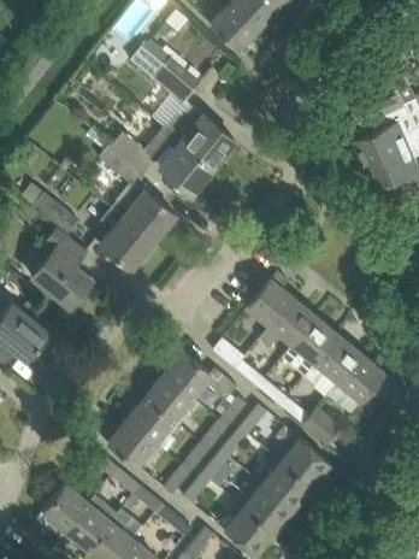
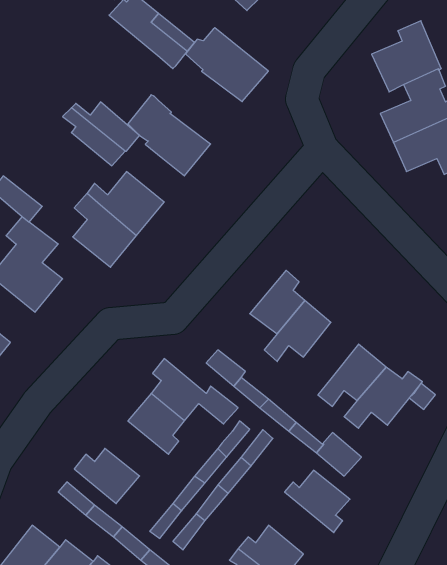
building: [167,106,236,167] -> [186,28,268,102]
building: [282,316,337,376] -> none
building: [126,398,179,443] -> none
building: [262,457,317,508] -> none

